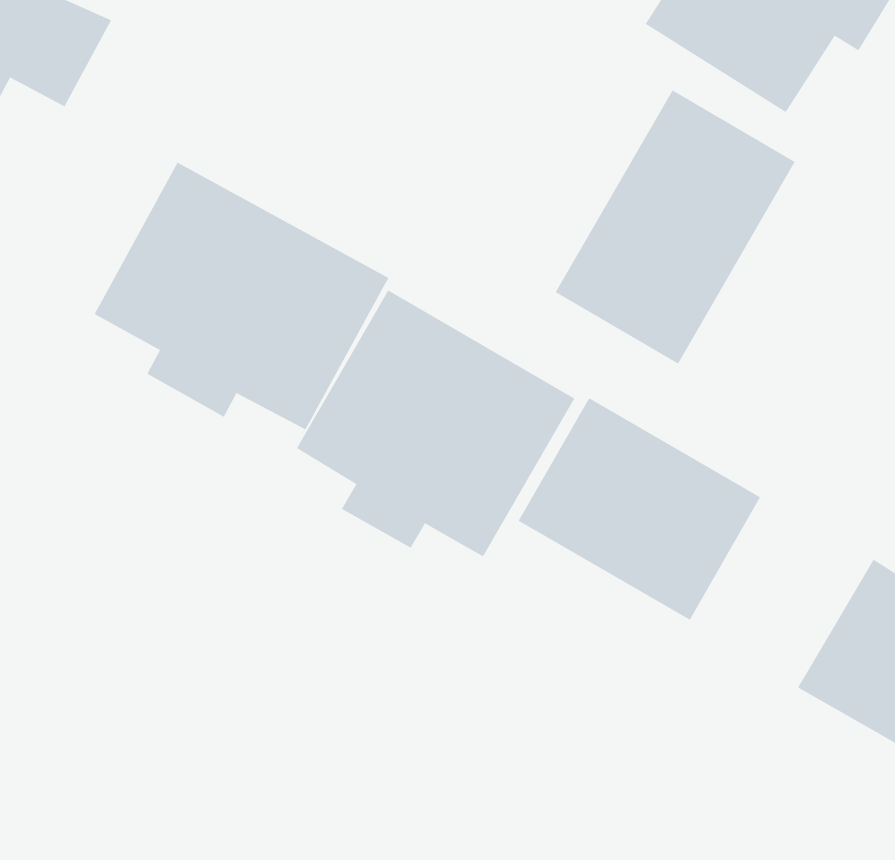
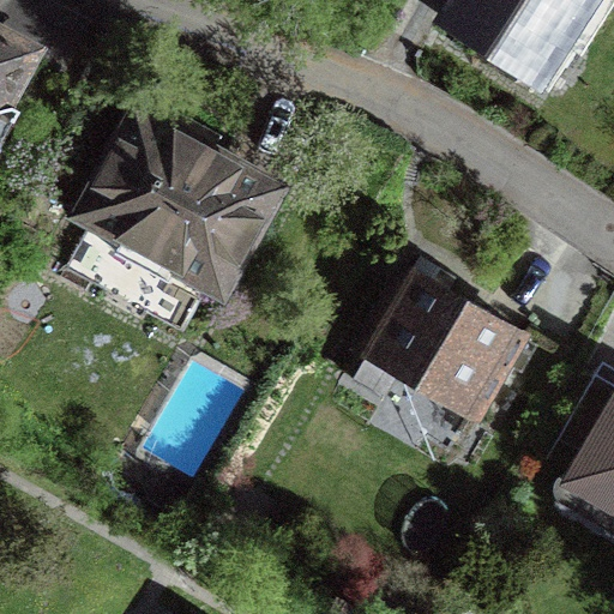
building: [555,90,796,365] -> none
building: [296,290,575,557] -> none

